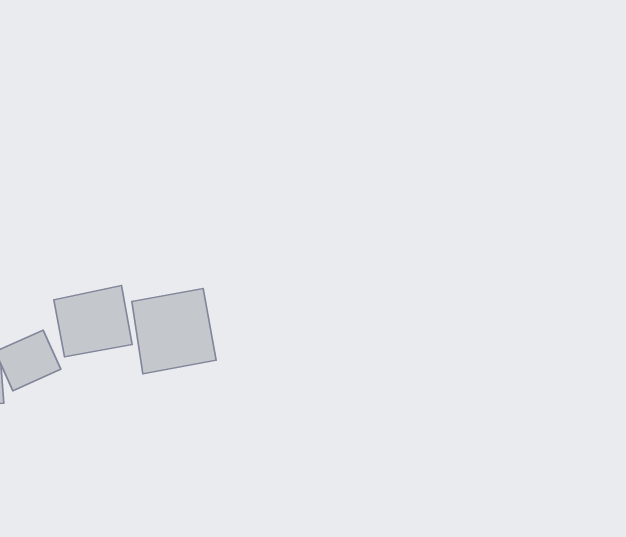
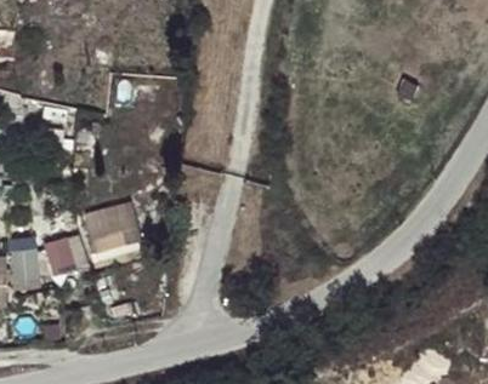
building: [132,289,216,374] -> none

